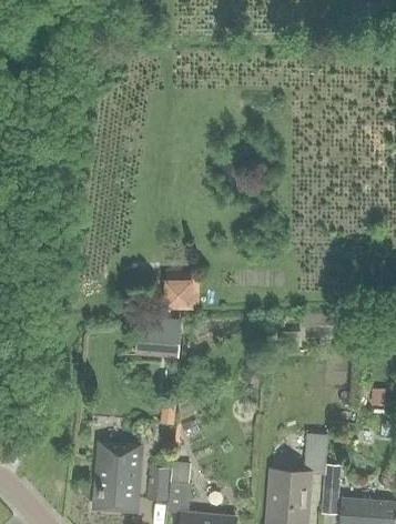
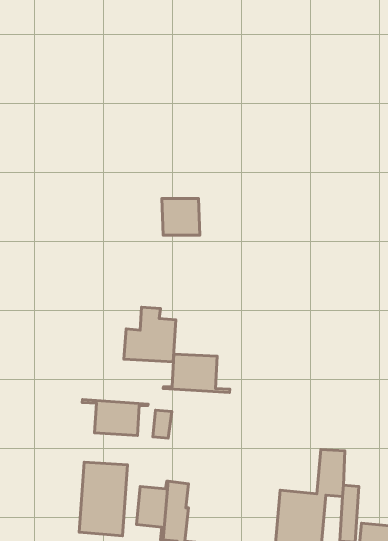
building: [165,274,199,306] -> [162,198,200,235]
building: none -> [163,354,230,392]
building: none -> [82,399,148,435]

